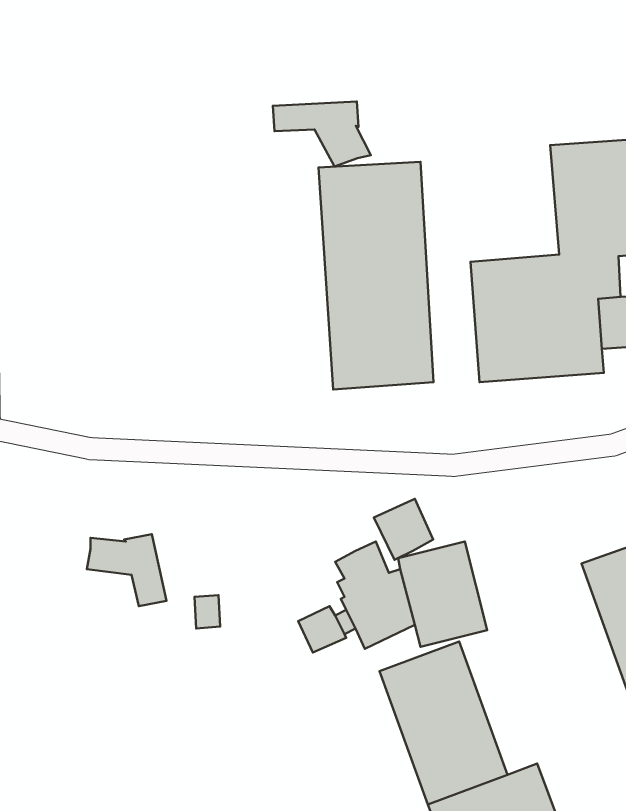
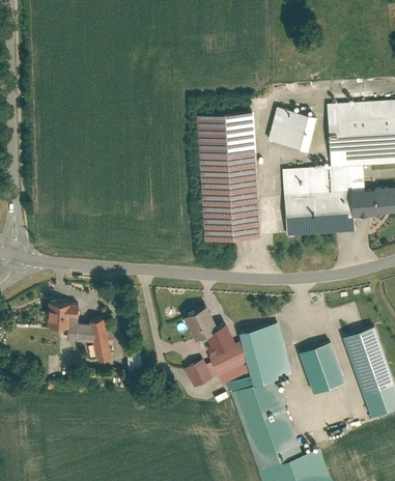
building: [273,102,371,166] -> none
building: none -> [265,107,315,151]
building: [374,499,433,560] -> [184,307,217,341]
building: none -> [47,302,79,329]
building: none -> [300,342,344,391]

